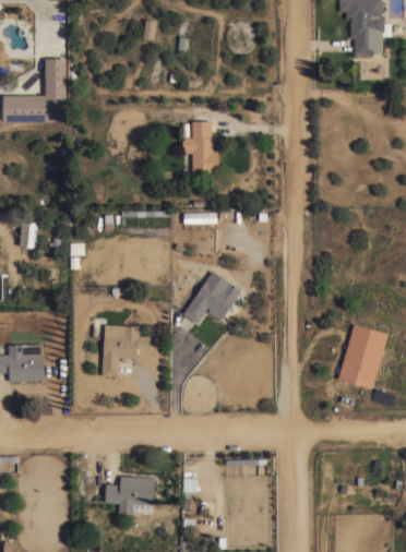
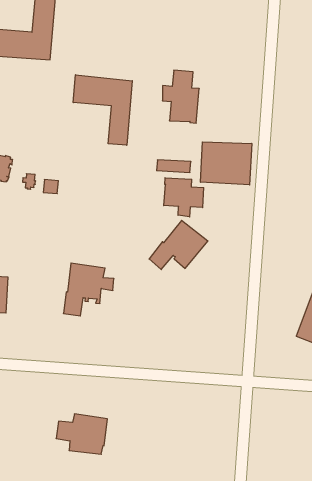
building: none -> [73,75,132,145]
building: none -> [201,142,252,185]
building: none -> [164,178,204,217]

